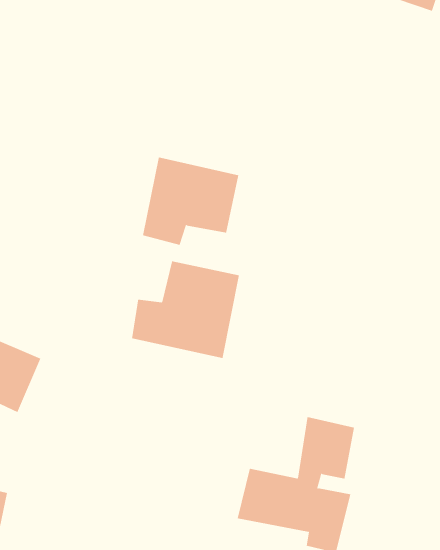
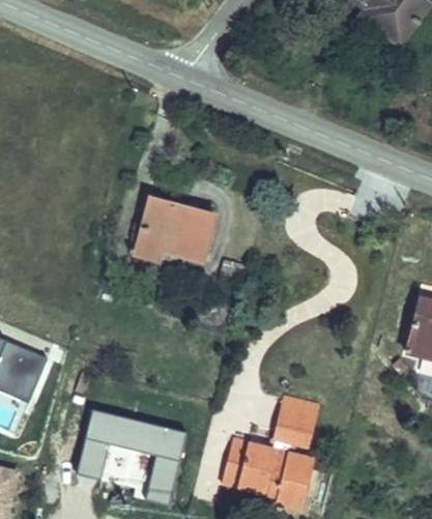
building: [131,261,239,359] -> none
building: none -> [80,410,186,504]

